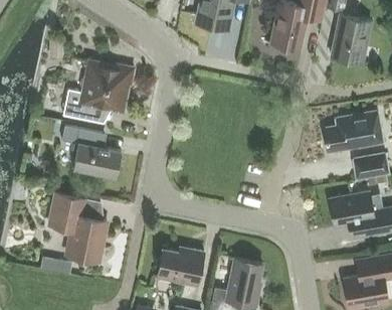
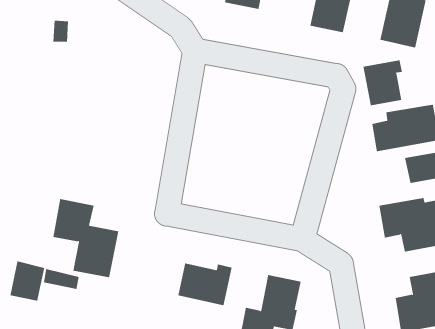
building: [63,60,134,121] -> none
building: none -> [363,59,402,106]
building: [61,126,121,177] -> none
building: none -> [10,261,45,302]

